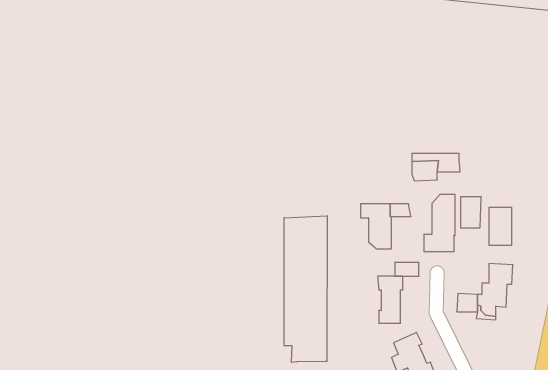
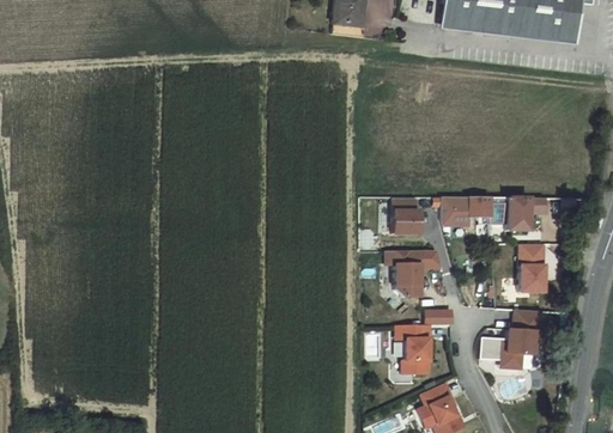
building: none -> [392,194,418,231]
building: [424,194,455,252] -> none
building: [461,197,481,228] -> [506,196,528,228]
building: [284,216,327,362] -> none

